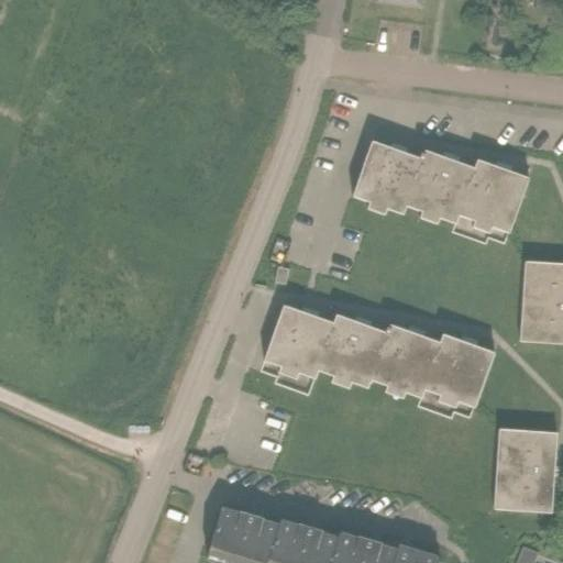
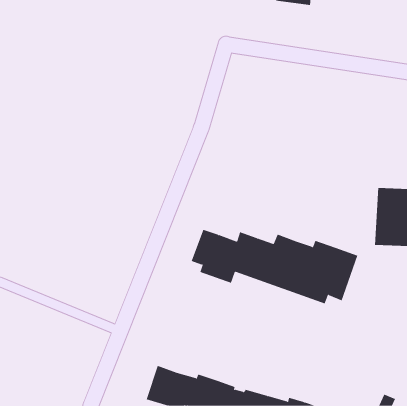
building: [361,142,537,235] -> none
building: [484,426,558,509] -> none

